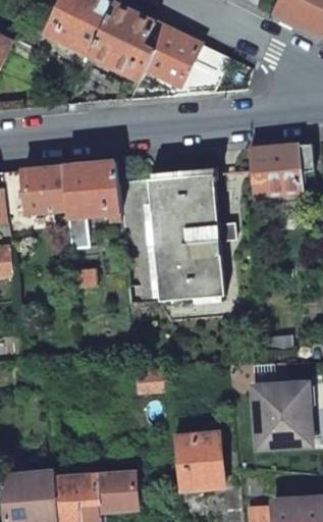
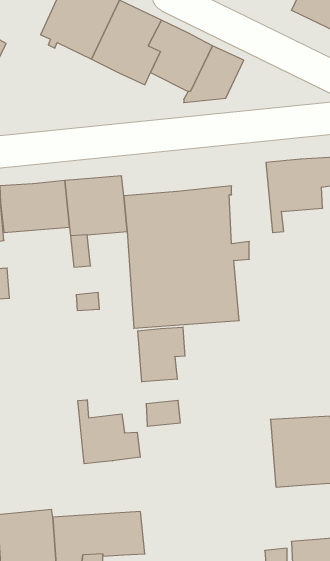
building: none -> [138,327,185,382]
building: none -> [78,400,140,464]
building: [175,431,224,489] -> none

